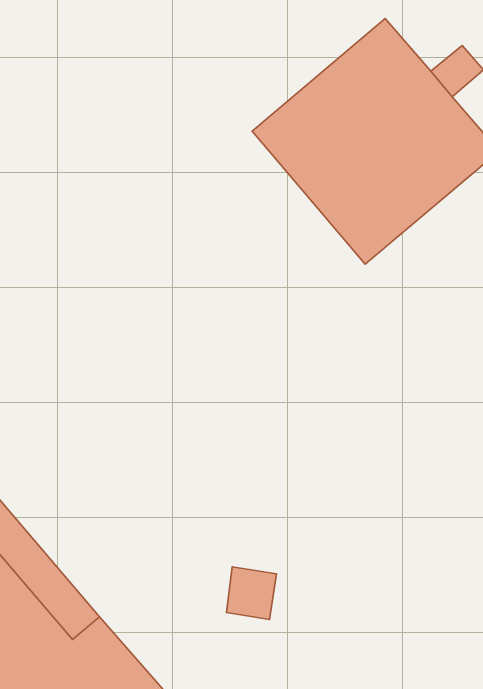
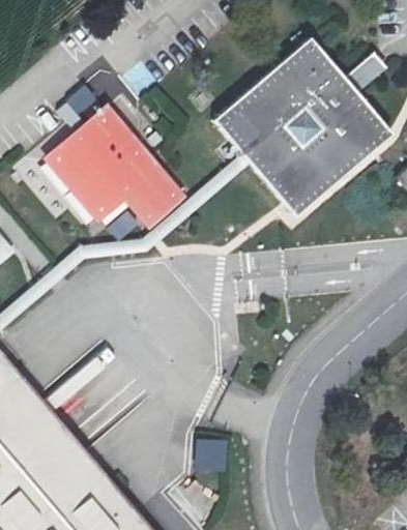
building: none -> [50,111,184,240]

